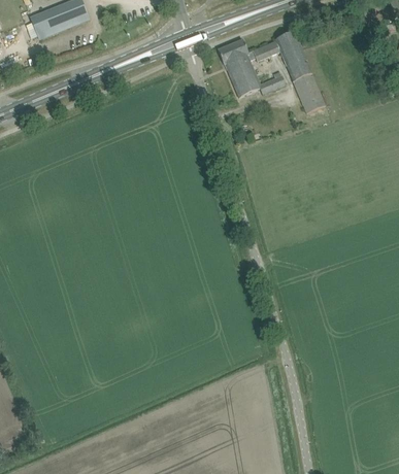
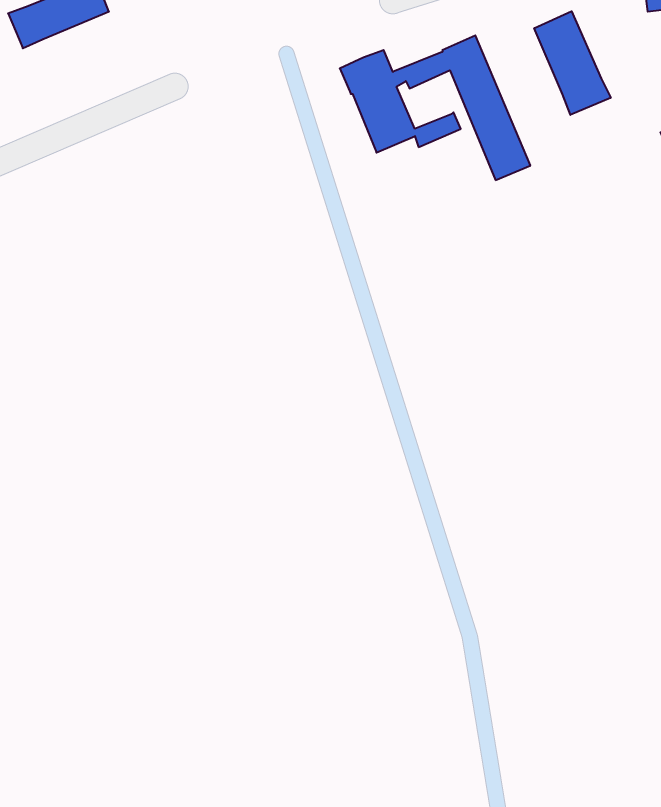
building: none -> [534,11,611,115]

